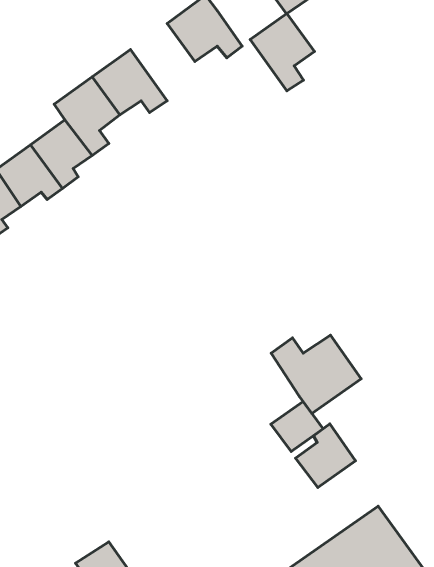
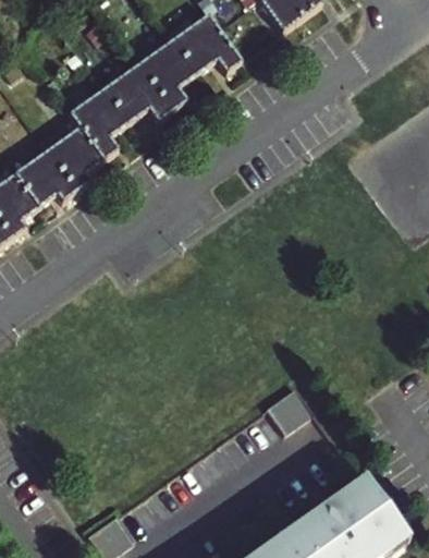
building: [250,14,314,91] -> [138,37,197,108]
building: [271,335,361,413] -> none
building: [295,424,355,487] -> none

